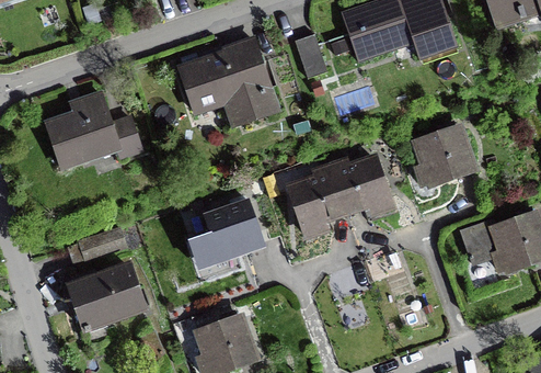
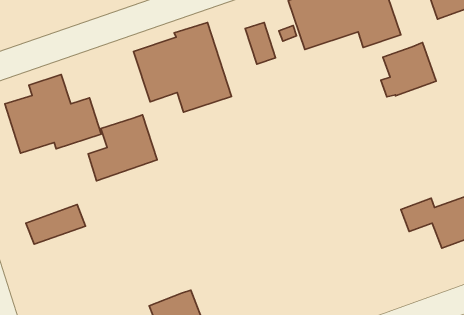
building: [415,126,473,183] -> [381,43,436,97]
building: [289,156,385,225] -> none
building: [191,197,263,267] -> [88,115,157,181]
building: [65,261,148,336] -> none

